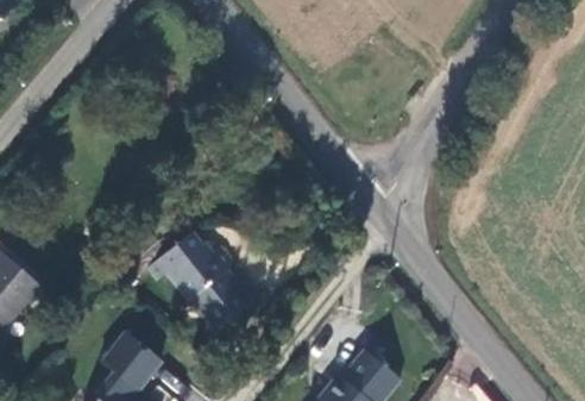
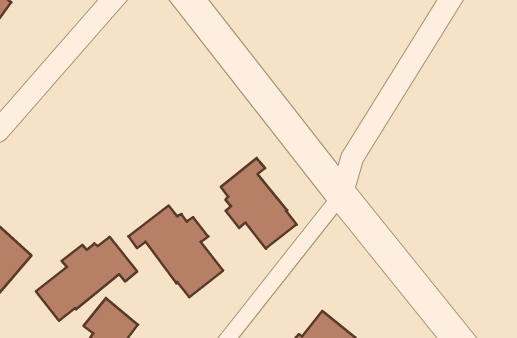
building: none -> [221,158,297,249]
building: none -> [36,237,137,321]

